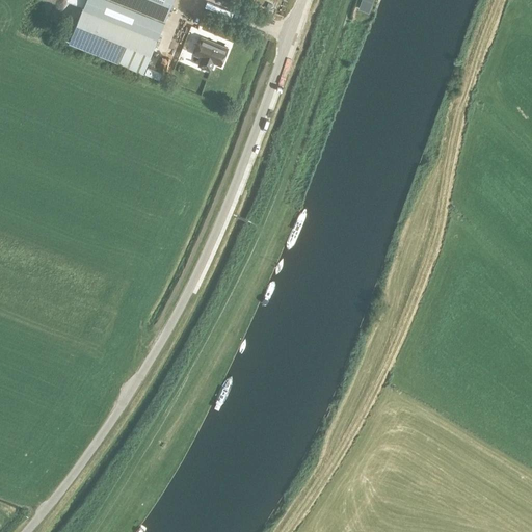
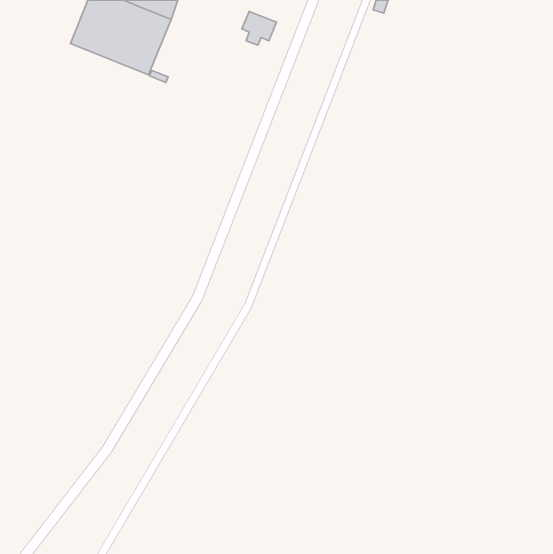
building: [193,37,227,70] -> [242,11,276,45]

